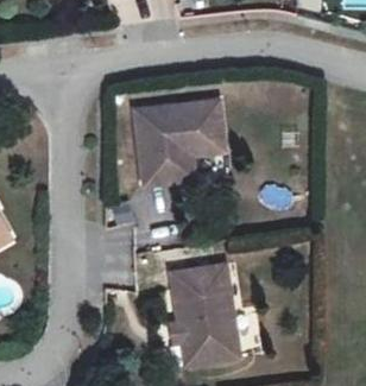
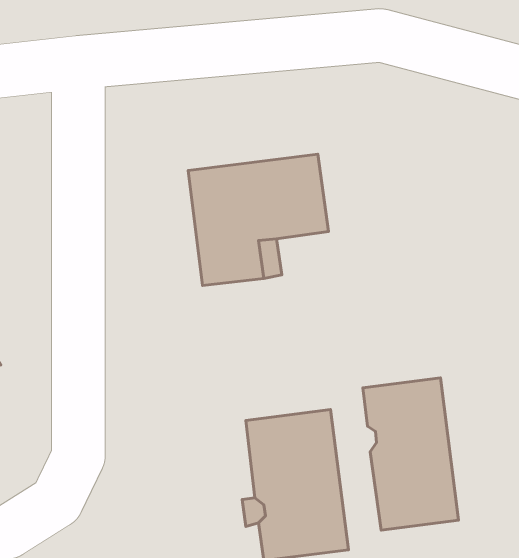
building: none -> [363,378,459,530]

